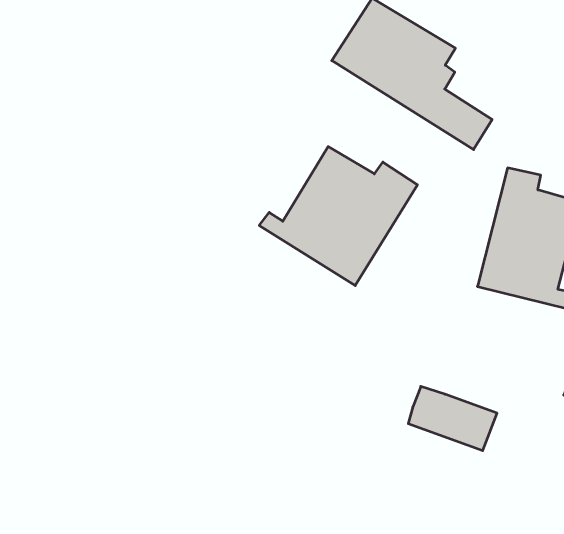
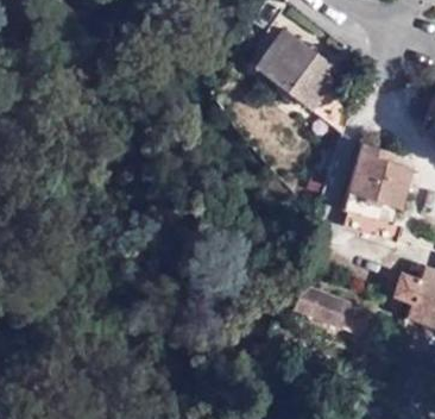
building: [259,147,417,286] -> none

